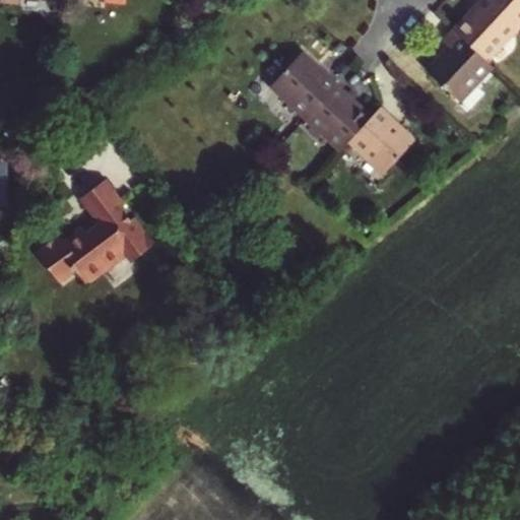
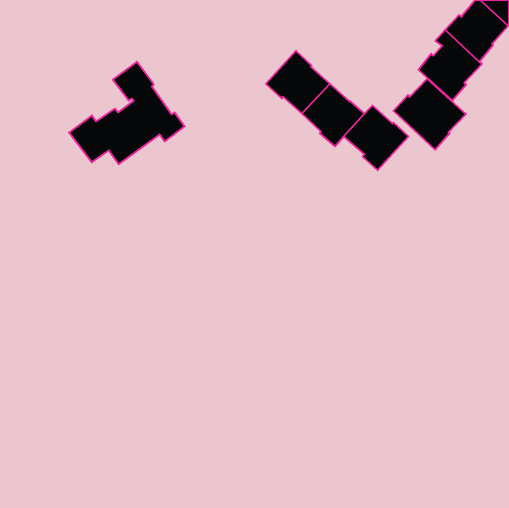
building: none -> [393,79,466,150]
building: [36,178,153,282] -> [69,62,185,164]

